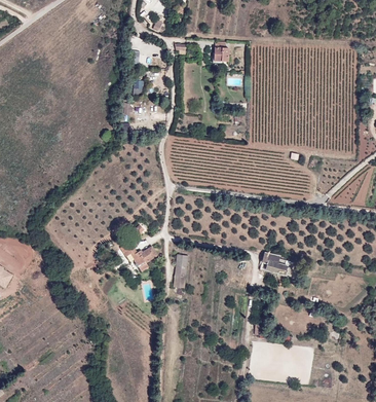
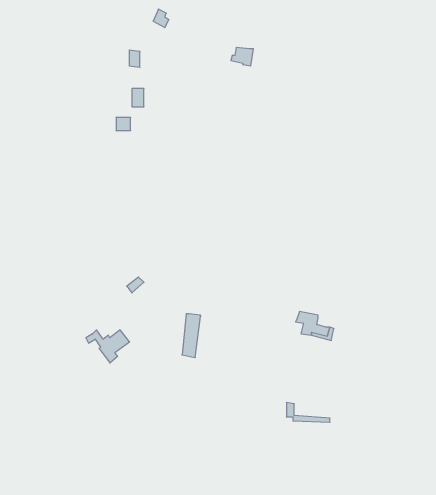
building: [124,245,158,270] -> [86,330,130,363]

